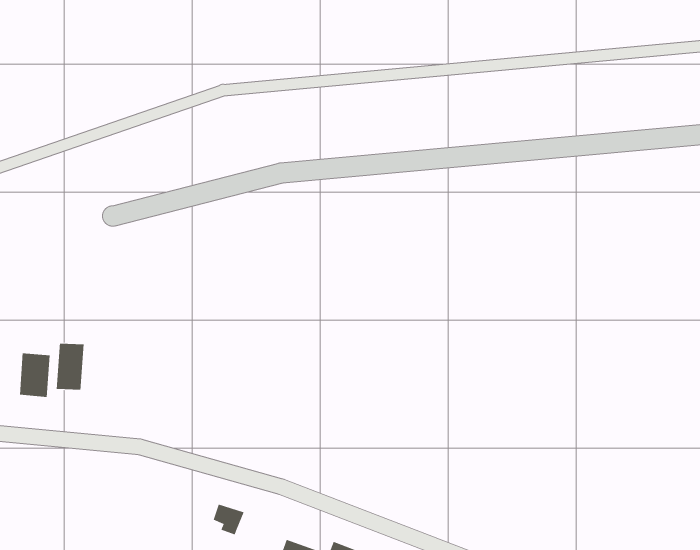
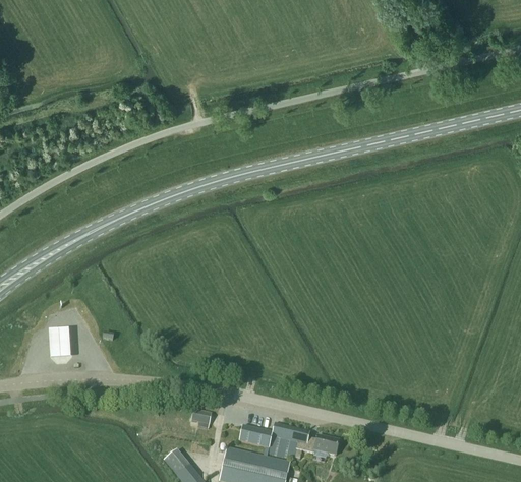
building: [56,343,84,390] -> none

